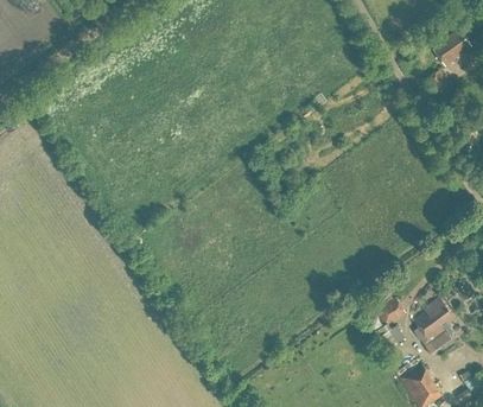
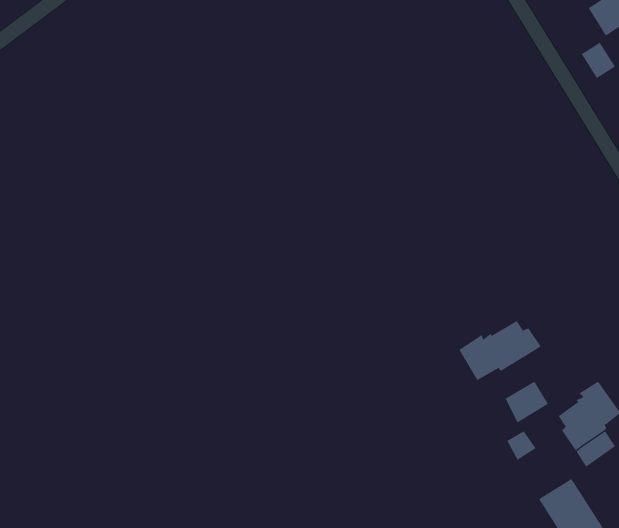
building: none -> [459,320,542,381]

